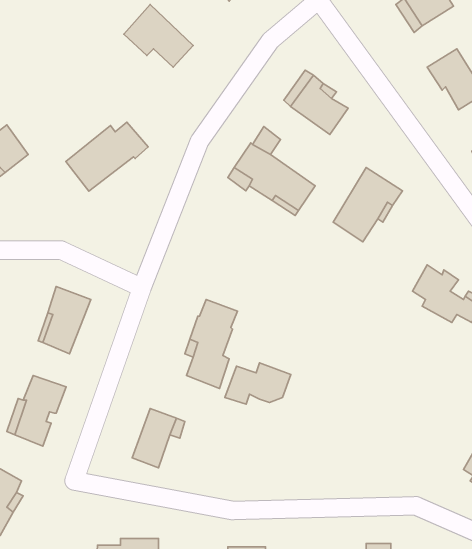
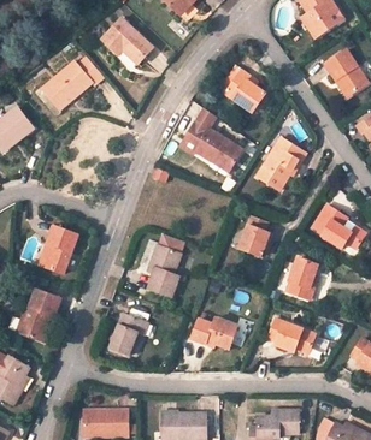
building: [66,122,148,191] -> [43,58,104,108]
building: none -> [239,215,272,256]
building: none -> [284,260,316,301]
building: [225,363,291,404] -> [188,319,236,349]
building: none -> [266,320,312,353]

